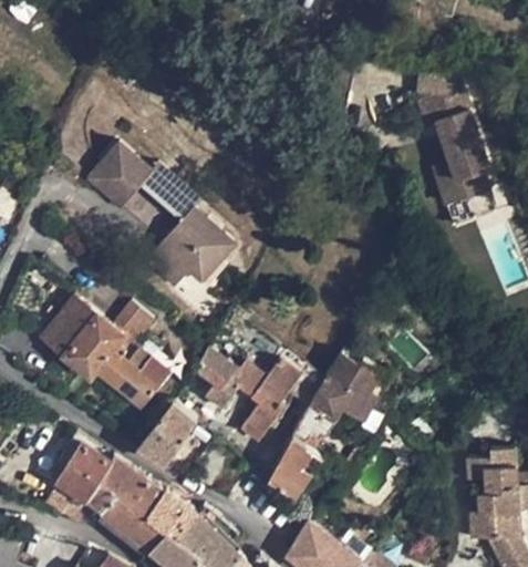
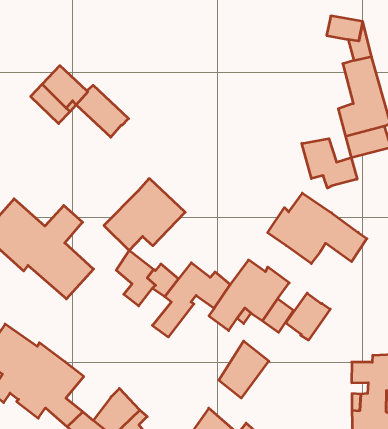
building: [144,207,235,289] -> [104,179,185,250]
building: none -> [302,139,357,188]
building: none -> [268,193,367,264]
building: none -> [286,293,330,340]
building: [137,401,196,466] -> none
building: [267,436,322,501] -> [219,341,269,398]
building: [146,491,197,542] -> none

